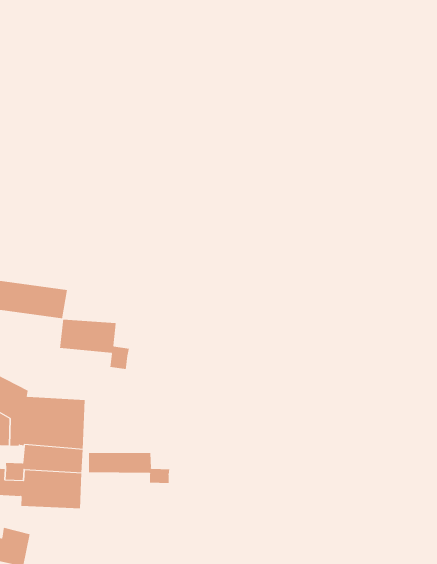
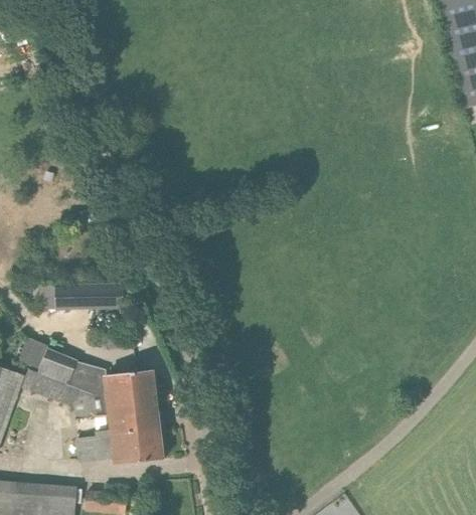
building: [60,319,129,370] -> none
building: [89,452,170,484] -> none

